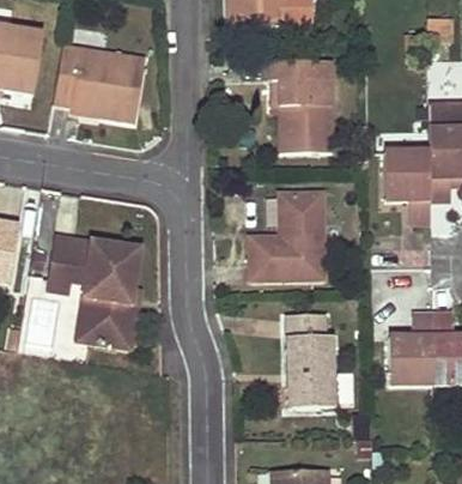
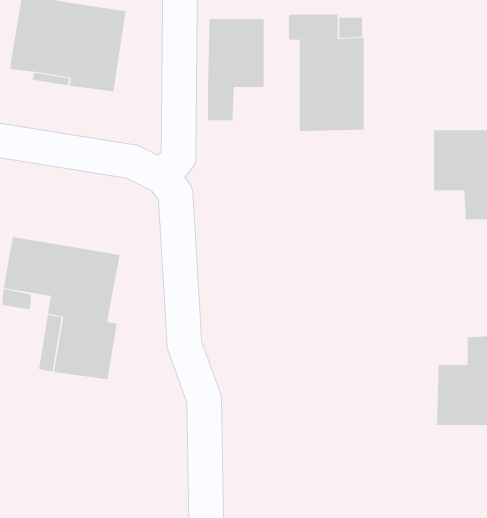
building: none -> [208,18,264,121]
building: [249,192,324,279] -> none
building: [285,314,335,407] -> none

